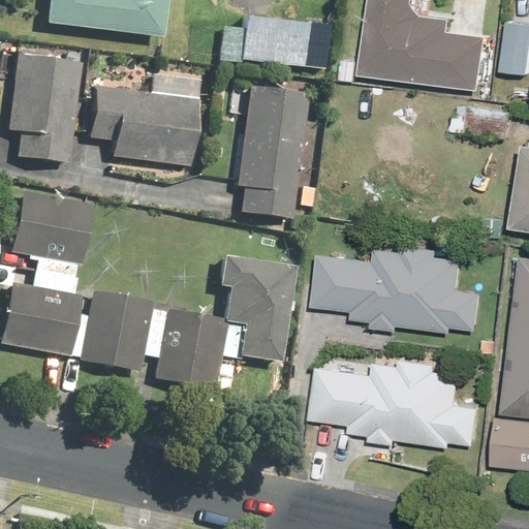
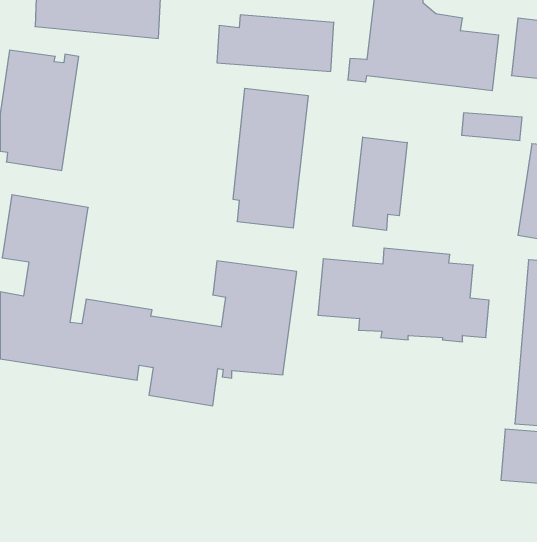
building: [86,70,199,167] -> none
building: none -> [353,137,407,230]
building: [313,356,484,447] -> none

